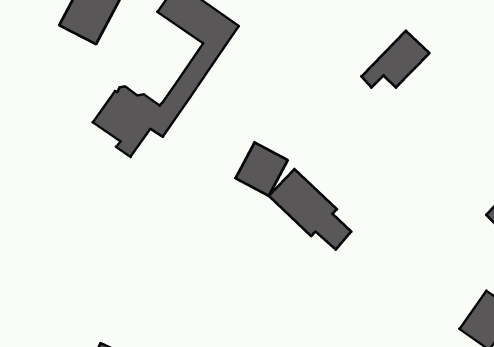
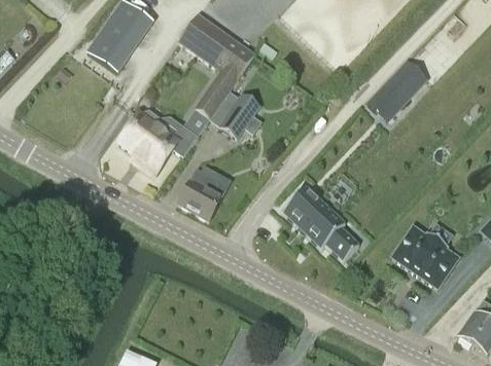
building: none -> [210,90,260,138]
building: [235,142,288,196] -> [178,170,226,219]
building: none -> [392,225,458,287]

